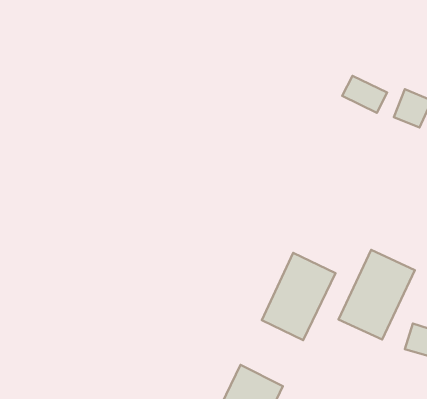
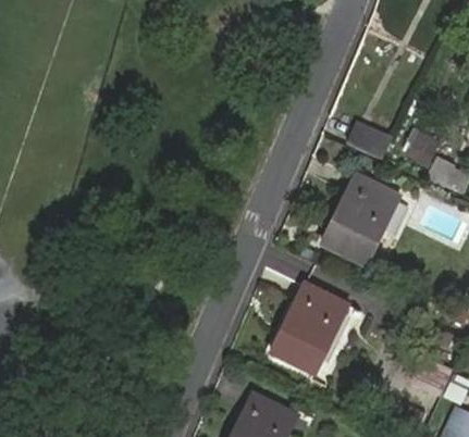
building: [339,250,415,340] -> [323,179,397,266]

